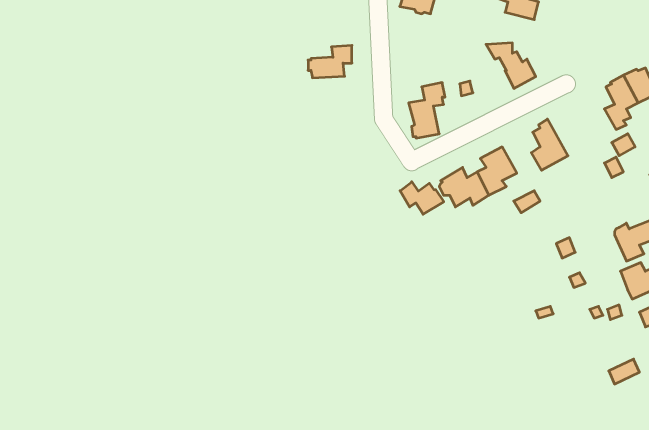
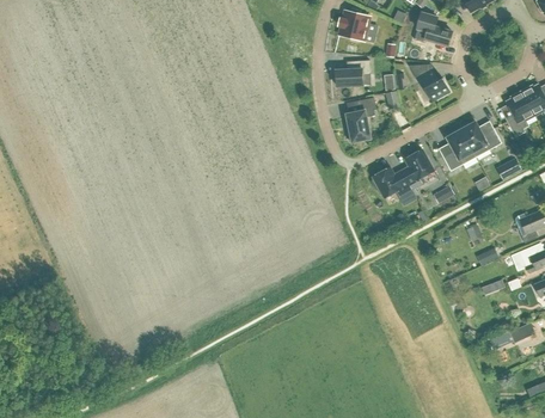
building: [308,45,352,78] -> [333,60,369,86]
building: none -> [459,121,502,156]
building: [400,182,444,214] -> none

